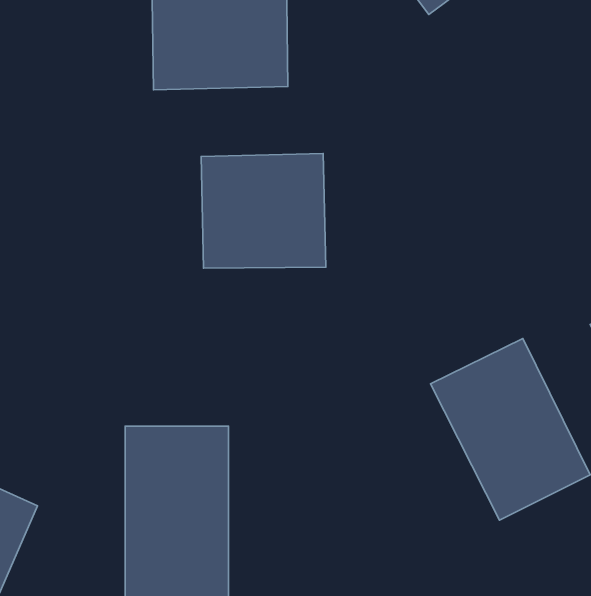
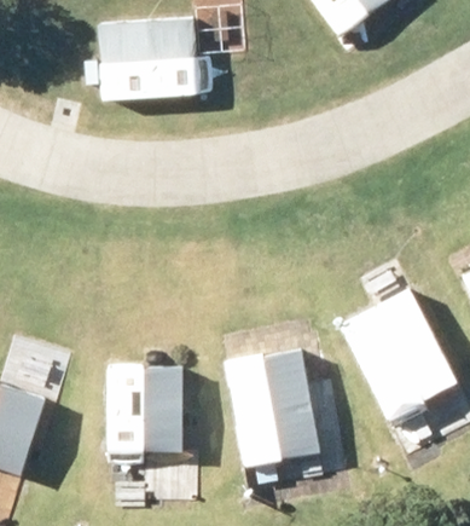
building: [201,154,326,268] -> none
building: none -> [224,347,321,469]

